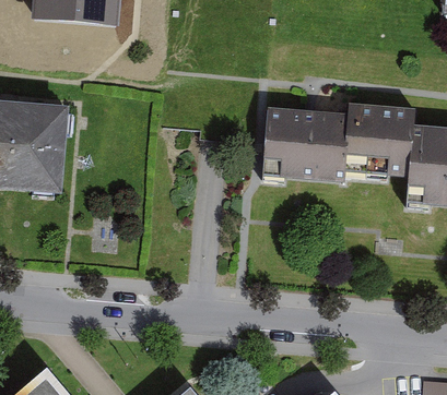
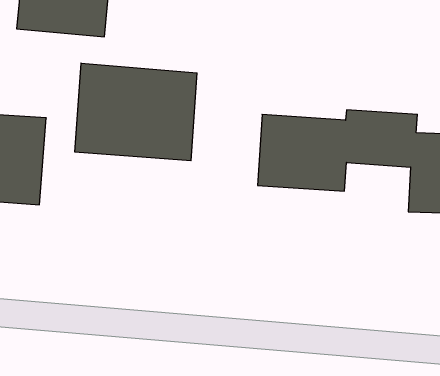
building: none -> [75,63,197,161]

